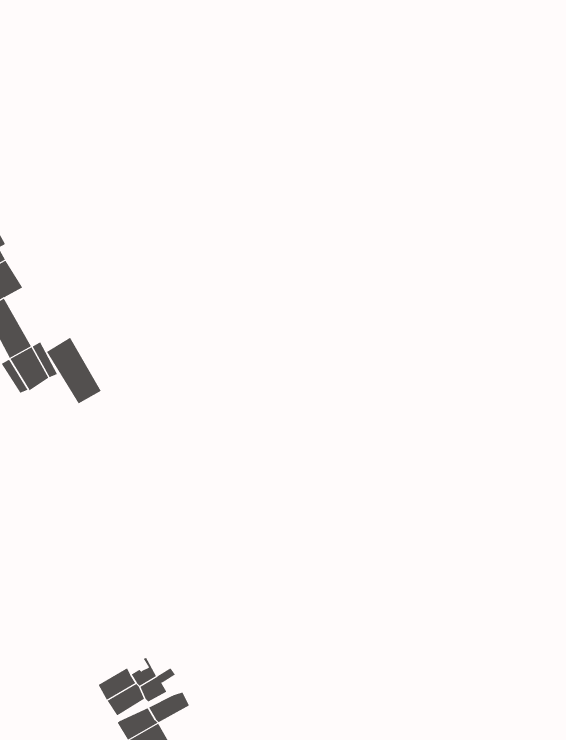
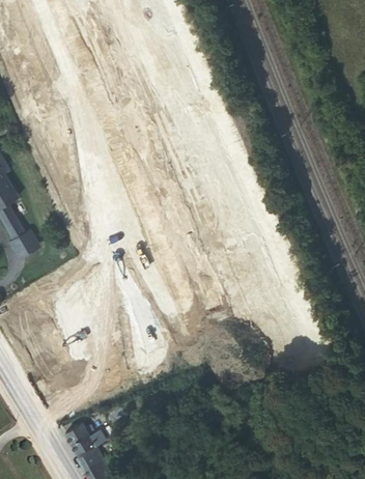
building: [46,337,102,404] -> none

